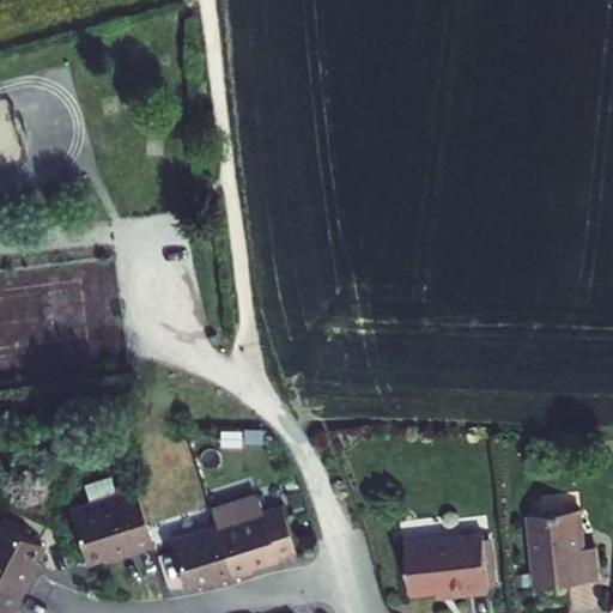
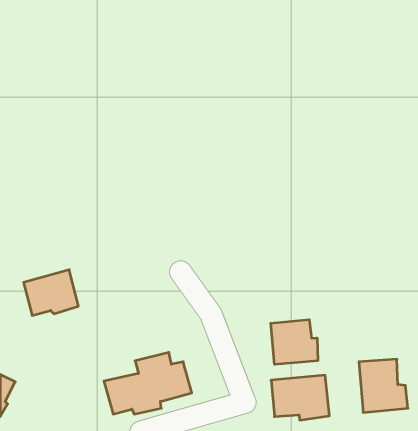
building: none -> [271,320,318,364]
building: [71,497,148,562] -> [24,270,78,315]

